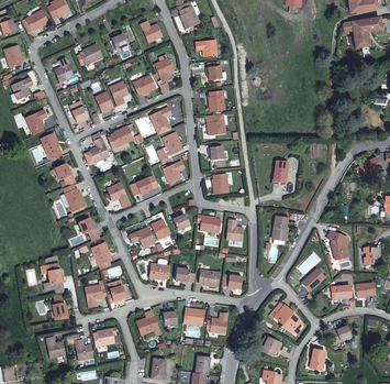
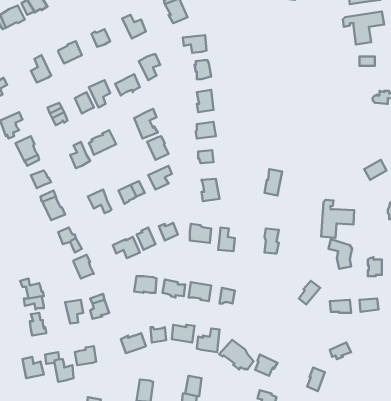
building: none -> [321,200,354,238]
building: [271,301,303,329] -> [219,340,253,370]

